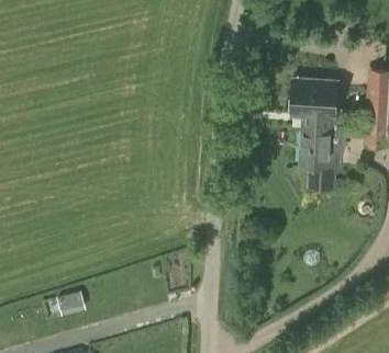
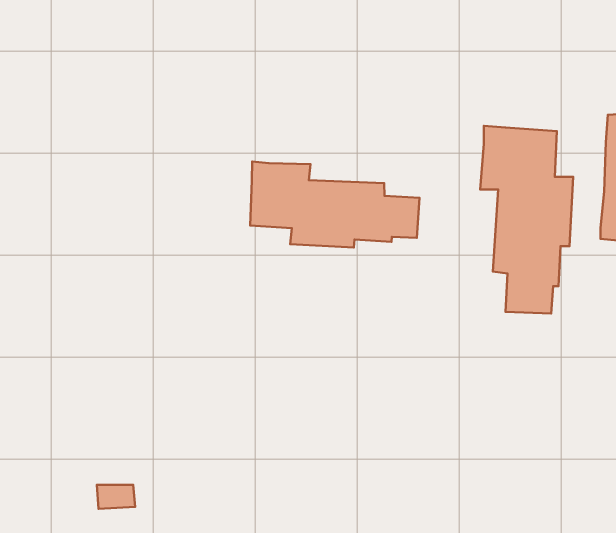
building: none -> [250,161,420,247]

